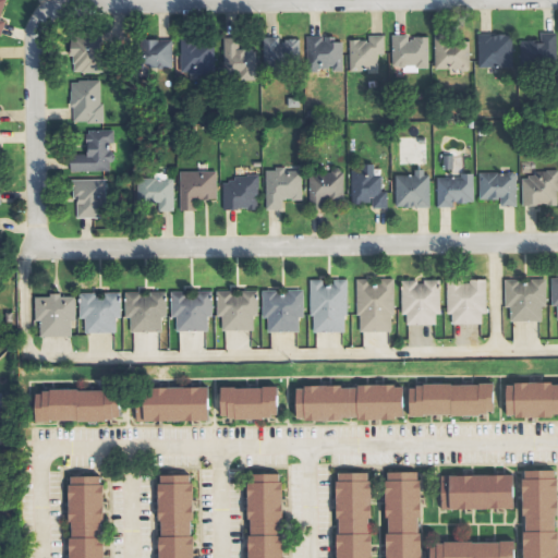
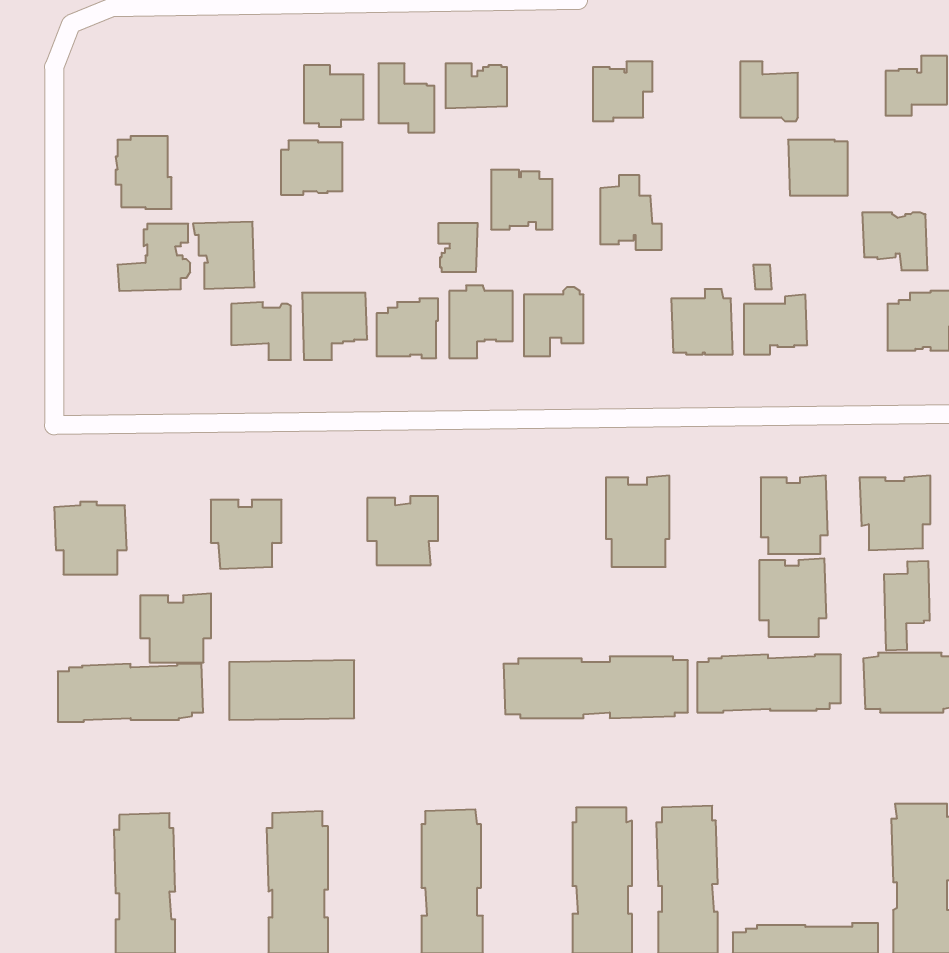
building: [70,34,104,72] -> none
building: [477,34,512,66] -> [788,140,848,196]
building: [391,35,428,68] -> none
building: [306,36,342,71] -> [491,170,553,229]
building: [136,38,172,70] -> [281,141,343,195]
building: none -> [439,223,478,272]
building: [351,163,387,207] -> [600,175,662,250]
building: [478,172,517,206] -> [862,212,928,270]
building: [70,179,106,218] -> [193,222,255,289]
building: [310,279,348,332] -> none
building: [401,279,440,325] -> [759,558,826,637]
building: [262,290,304,332] -> none
building: [171,291,213,331] -> none
building: [80,292,121,332] -> [140,593,211,662]
building: none -> [884,561,930,650]
building: [221,386,278,418] -> none
building: [441,474,514,509] -> none

